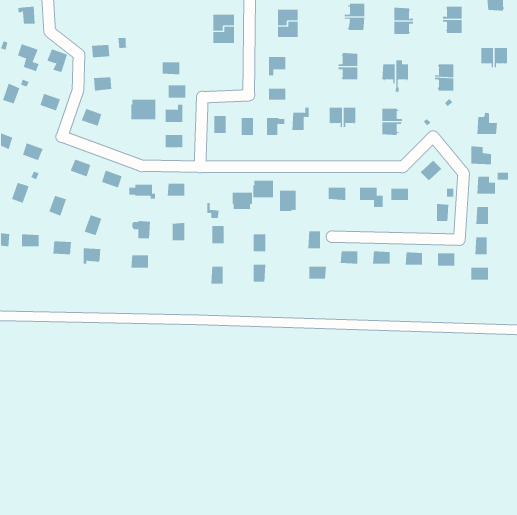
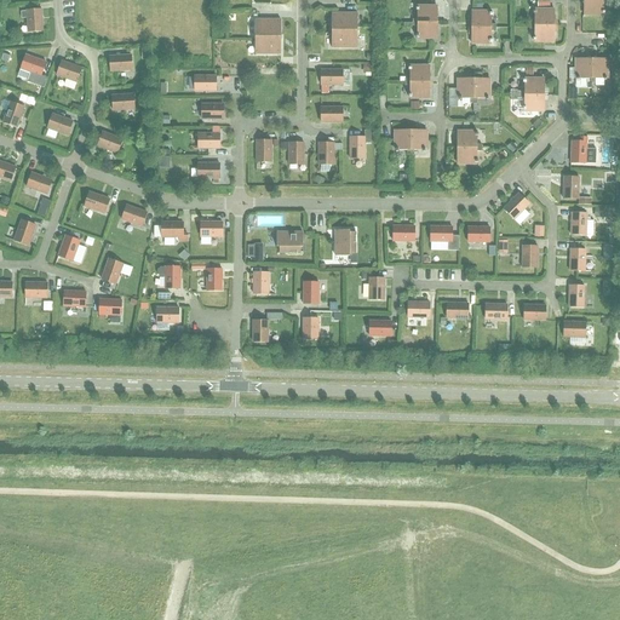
building: [131,99,156,120] -> none
building: [253,180,273,198] -> none

